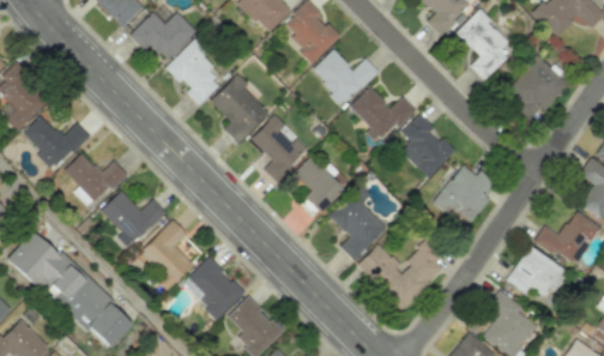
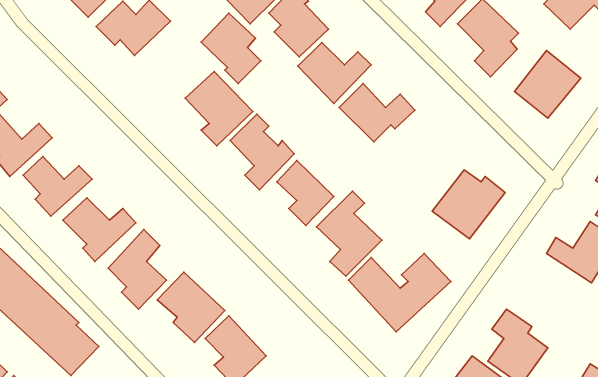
building: [167,41,221,104] -> [201,13,261,83]
building: [400,114,454,177] -> none
building: [507,245,570,296] -> none

